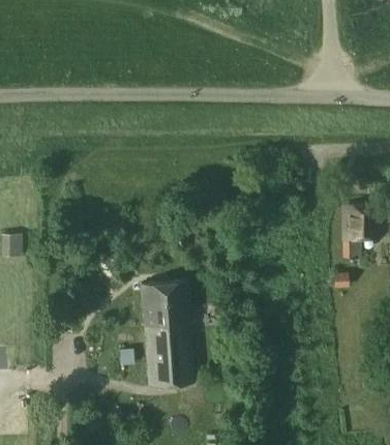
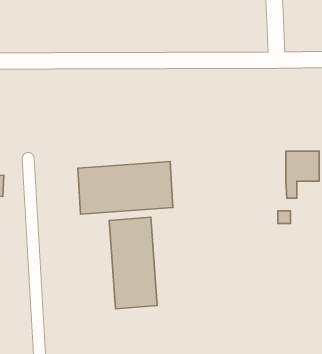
building: none -> [78,161,173,214]

